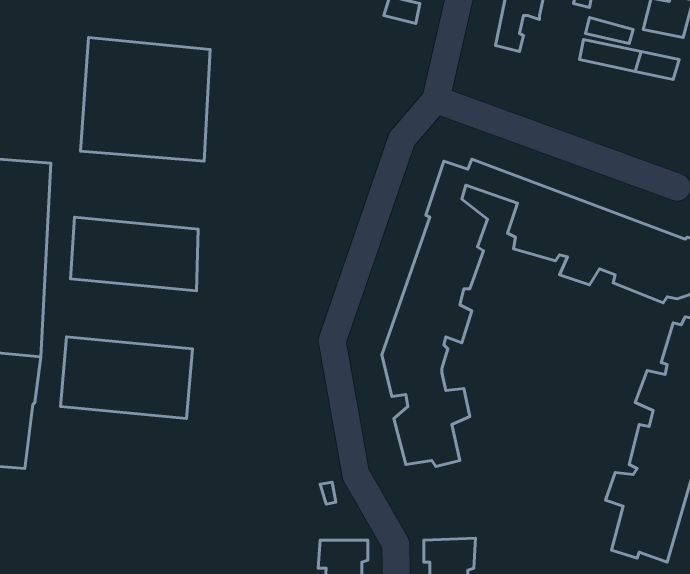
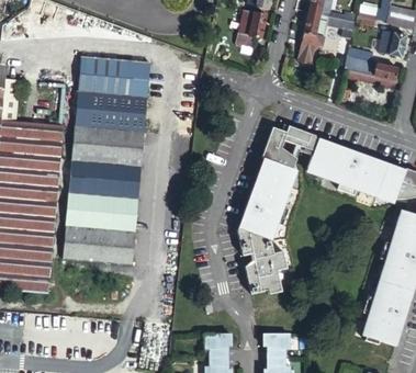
building: none -> [69,118,140,161]
building: none -> [65,189,136,227]

